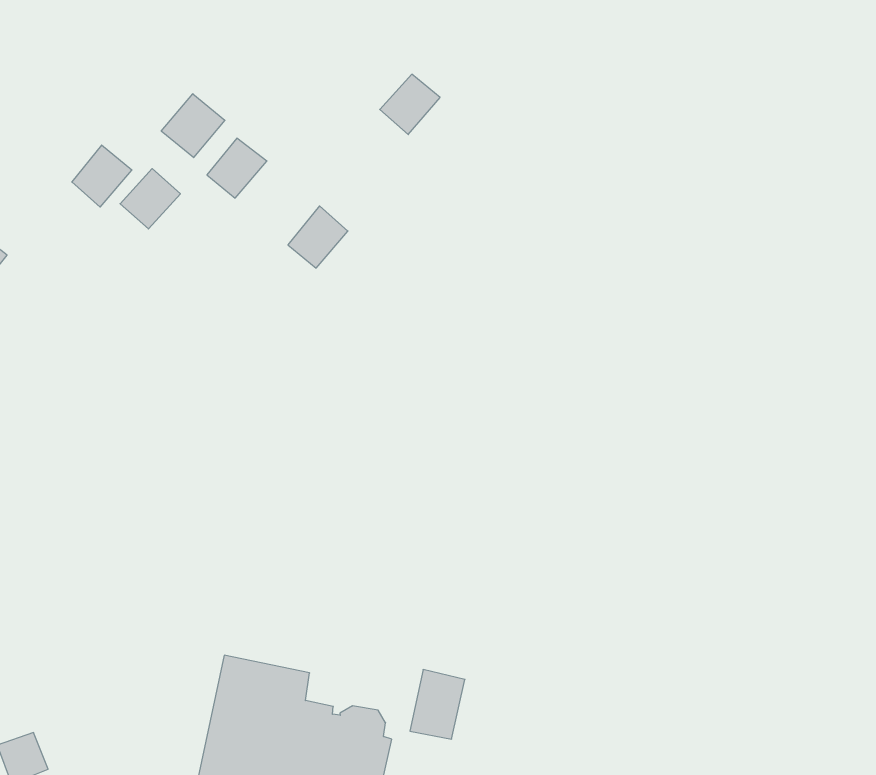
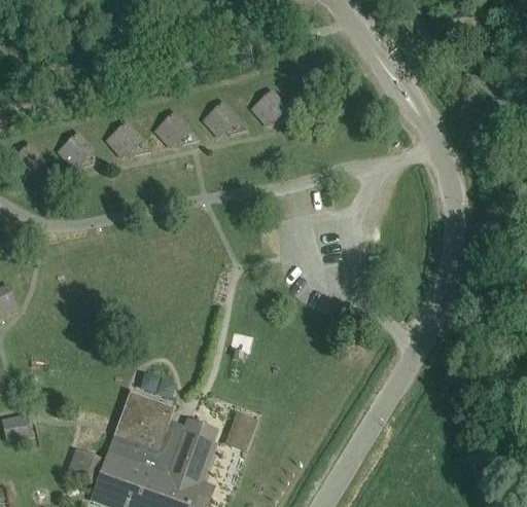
building: [161,94,225,158] -> none
building: [72,145,132,207] -> [59,136,92,169]
building: [288,206,348,268] -> [204,104,237,137]

